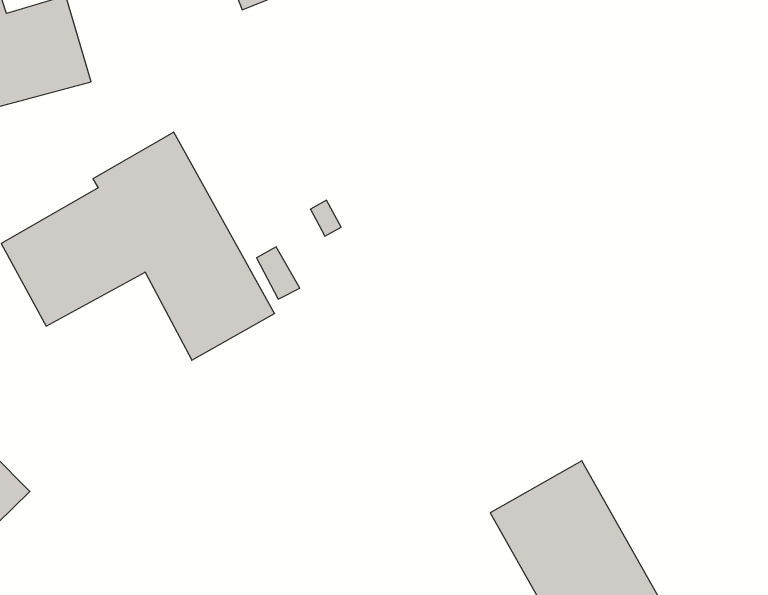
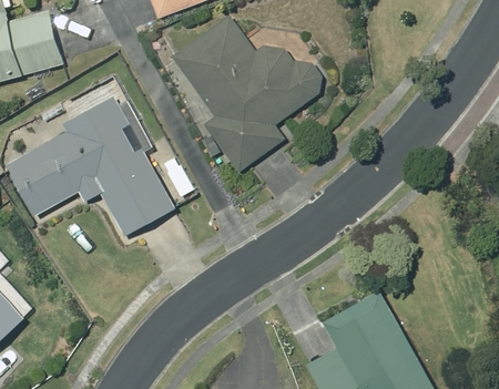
building: none -> [175,16,325,170]

